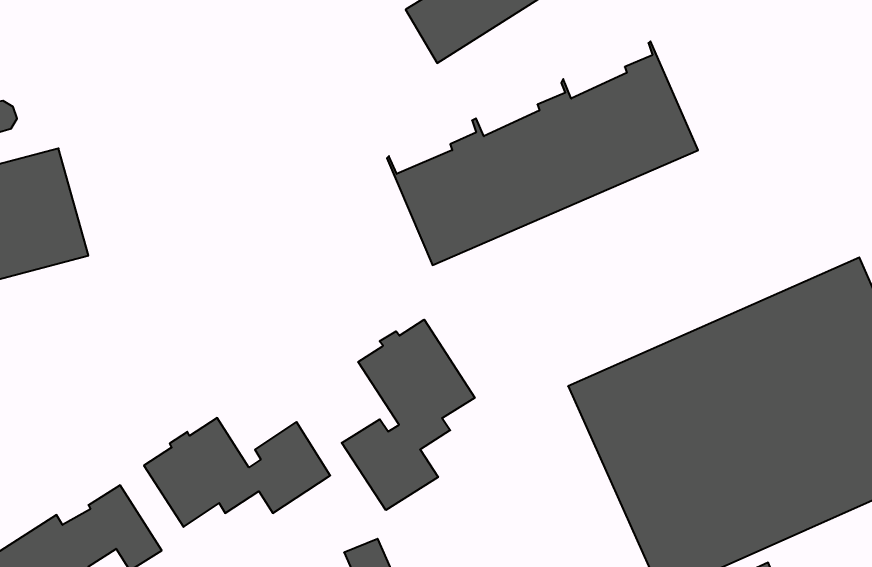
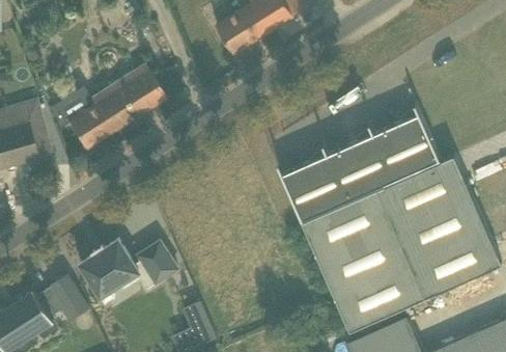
building: [387,41,698,265] -> [277,105,440,222]
building: none -> [50,65,164,148]
building: [342,320,475,510] -> none

